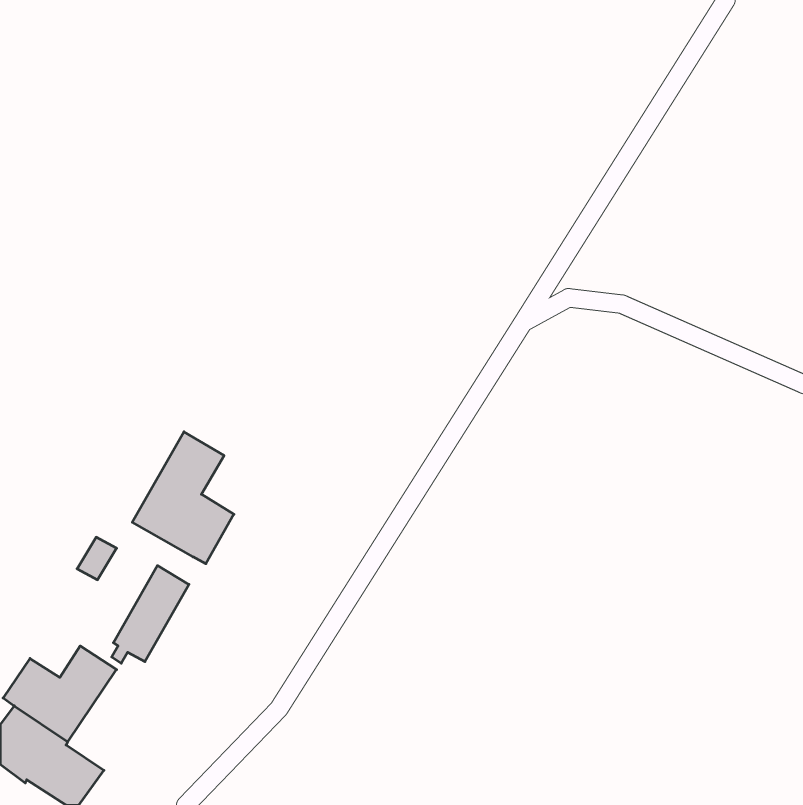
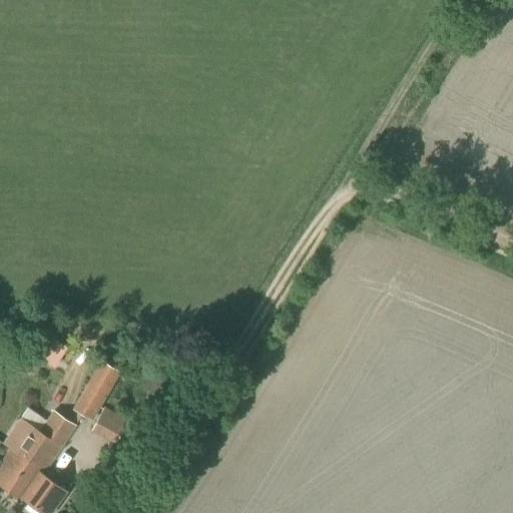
building: [132,432,234,564] -> none
building: none -> [90,407,129,445]

